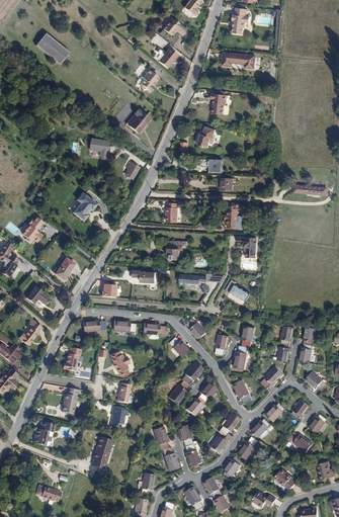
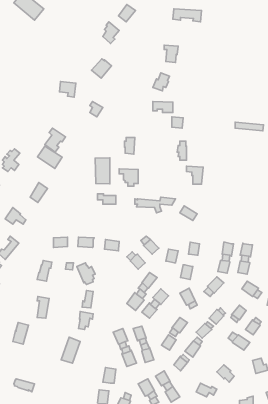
building: none -> [38,146,62,169]
building: none -> [95,158,110,184]

